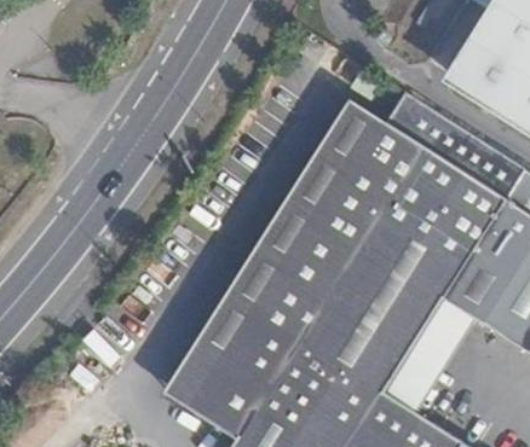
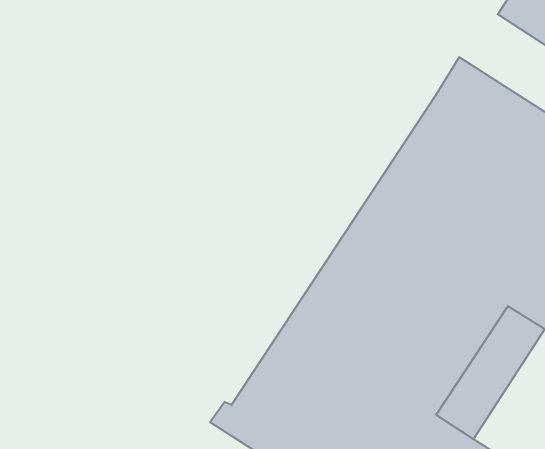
building: [167,103,385,401] -> none

